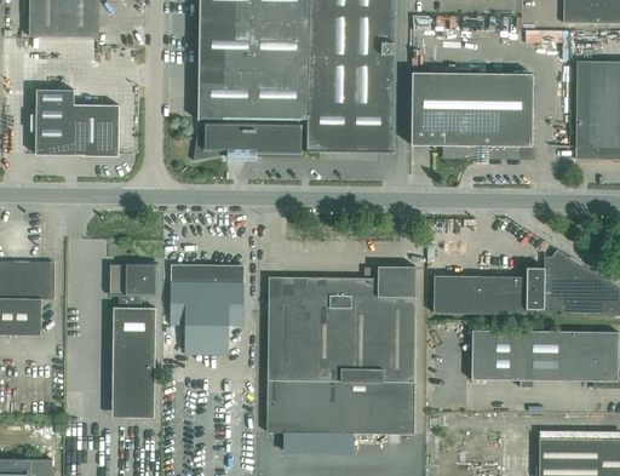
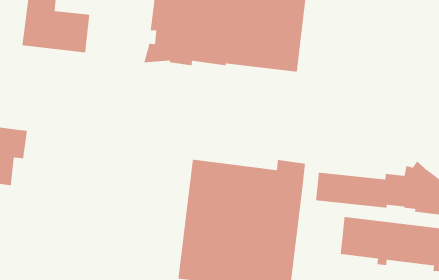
building: [411,71,533,162] -> none
building: [110,264,156,418] -> none
building: [170,264,243,354] -> none

